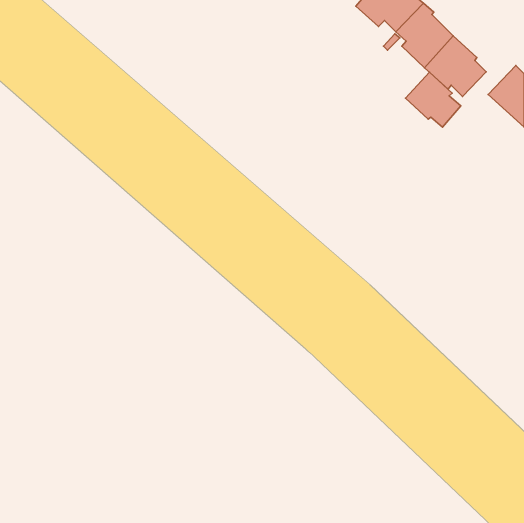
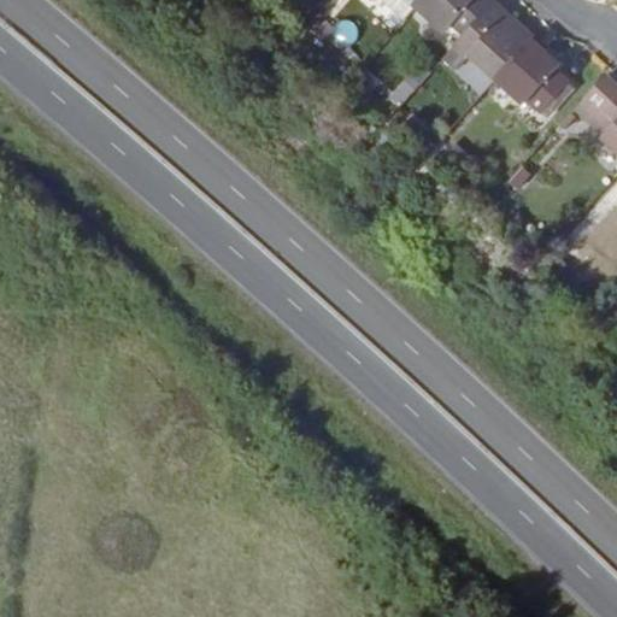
building: [405,72,461,127] -> none

